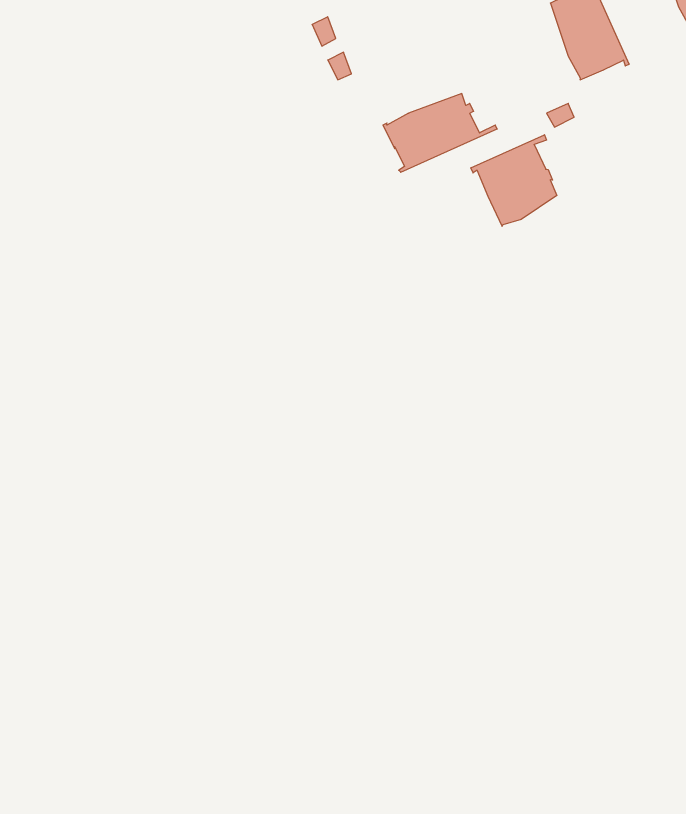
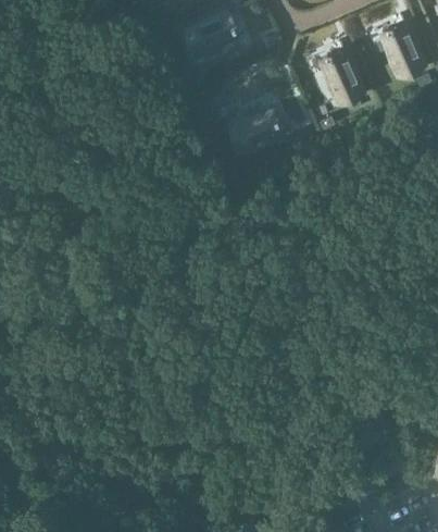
building: [471,135,557,226] -> none

